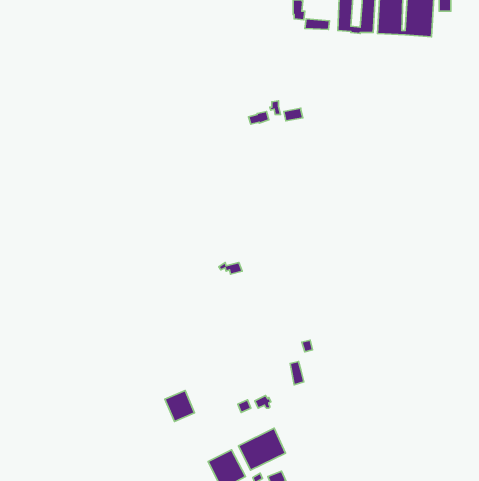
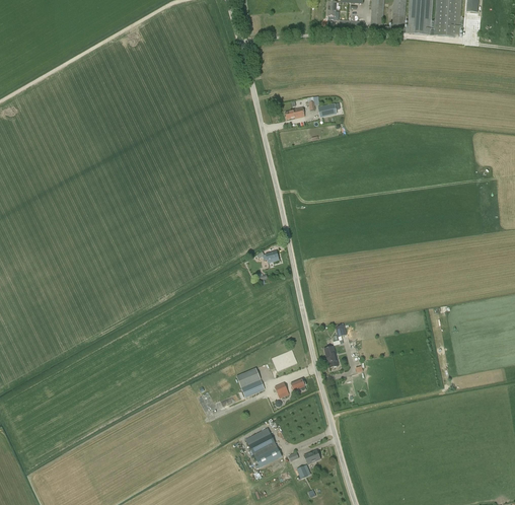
building: [165,391,195,421] -> [236,367,265,396]
building: [239,428,285,470] -> none

